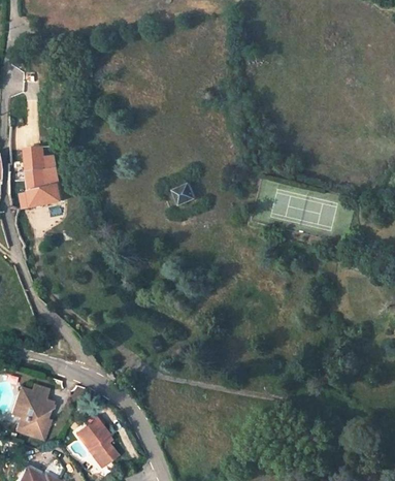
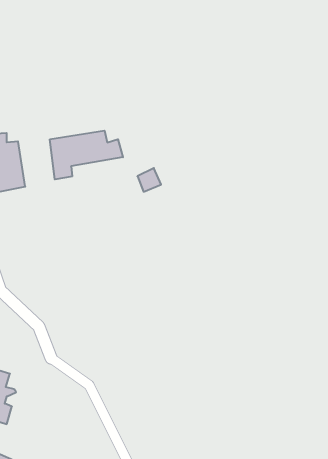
building: none -> [50,131,123,179]
building: [76,416,118,463] -> none

